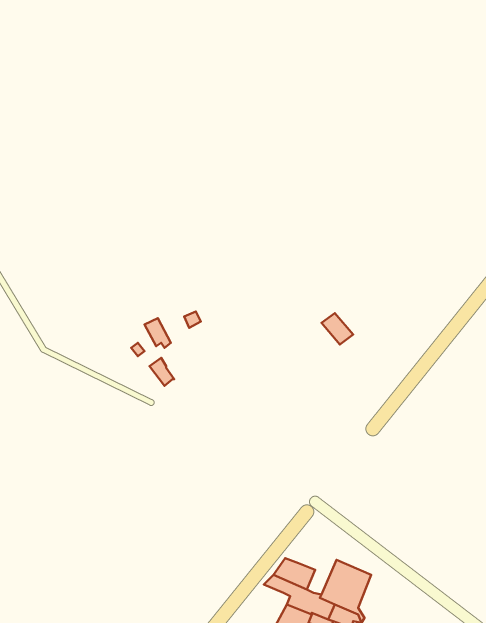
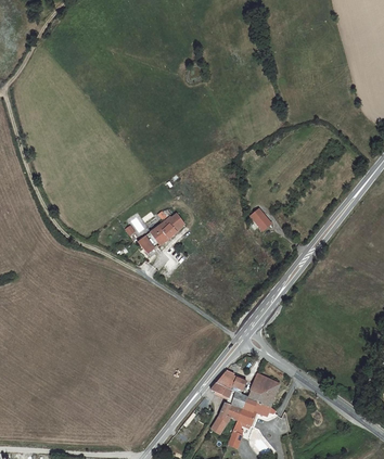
building: none -> [150,216,185,248]

